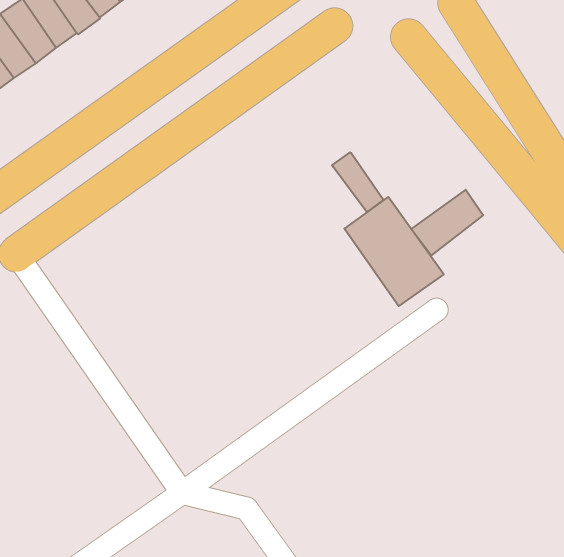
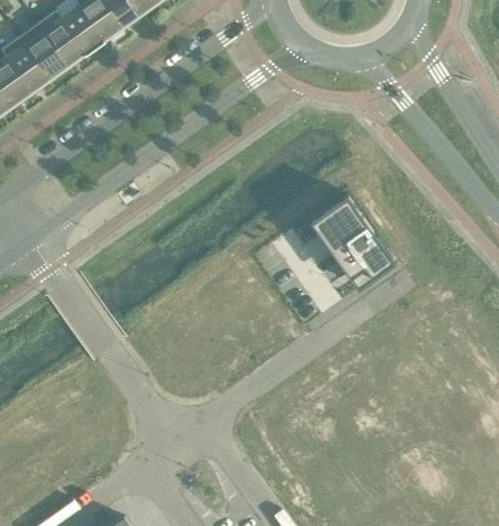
building: [332,152,383,212] -> none
building: [411,190,483,255] -> none

